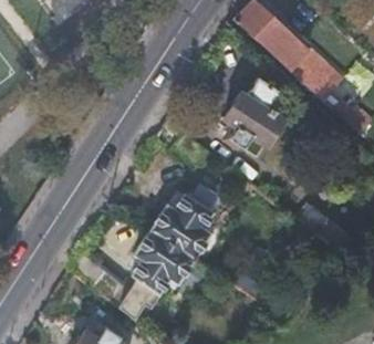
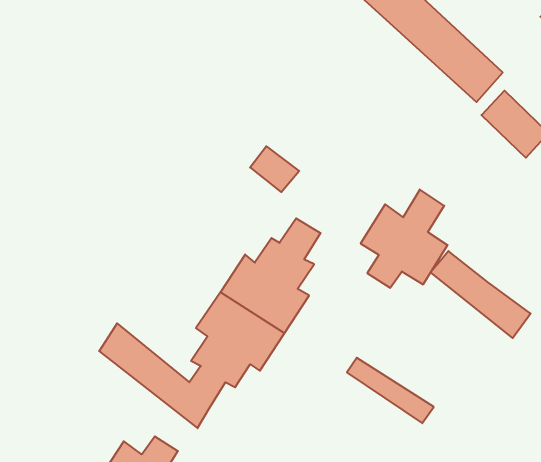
building: [225,80,283,146] -> [361,189,448,288]

